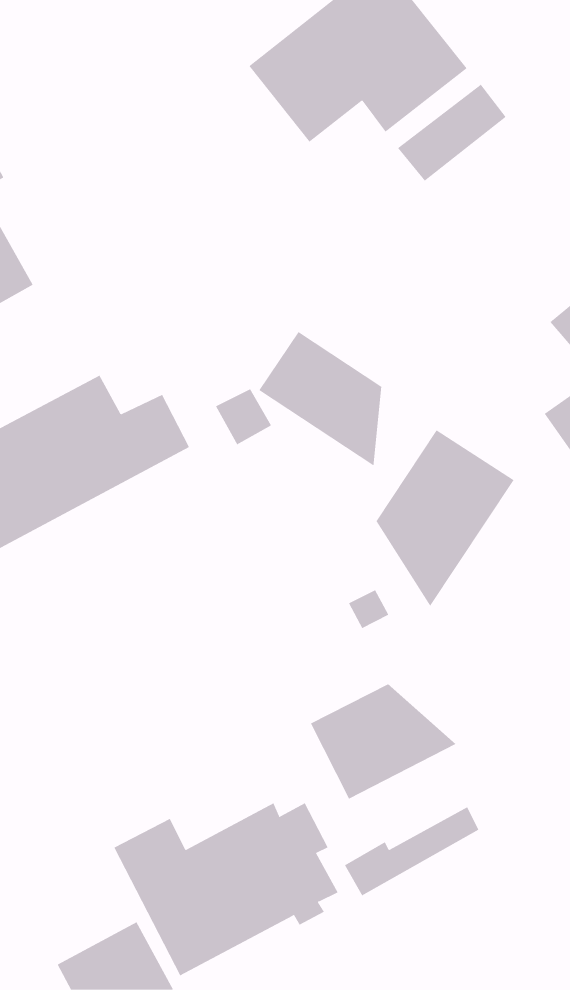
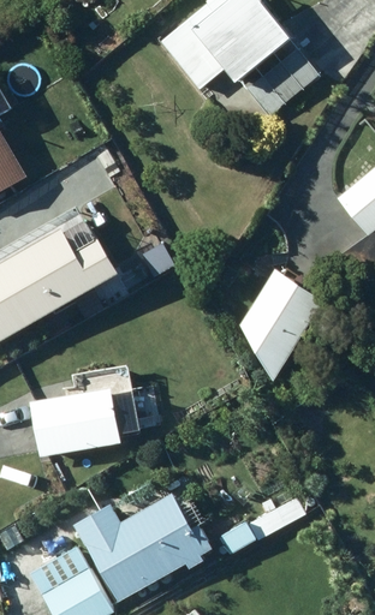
building: [258,331,382,467] -> none
building: none -> [30,389,120,454]
building: [310,683,457,800] -> none

